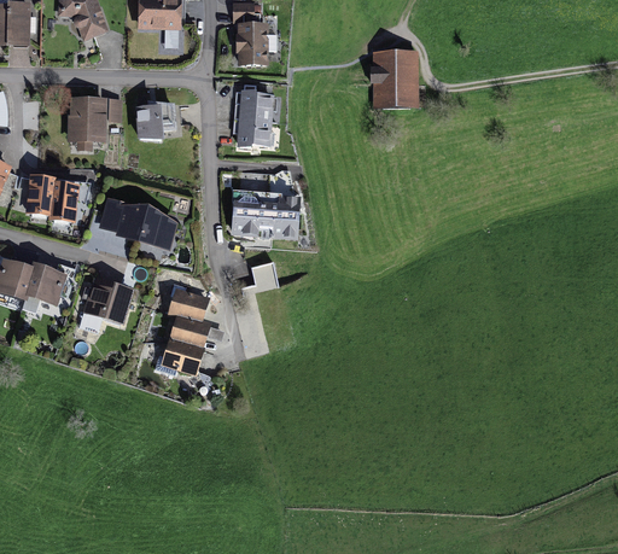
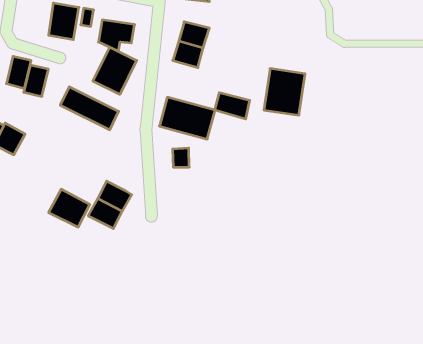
building: [372,49,419,105] -> [264,69,305,115]
building: none -> [93,47,137,94]
building: none -> [215,93,250,119]
building: [82,276,133,321] -> [49,189,90,227]
building: [168,287,210,322] -> none

